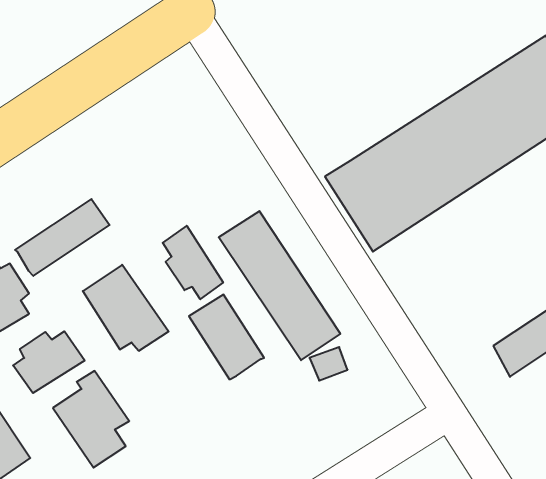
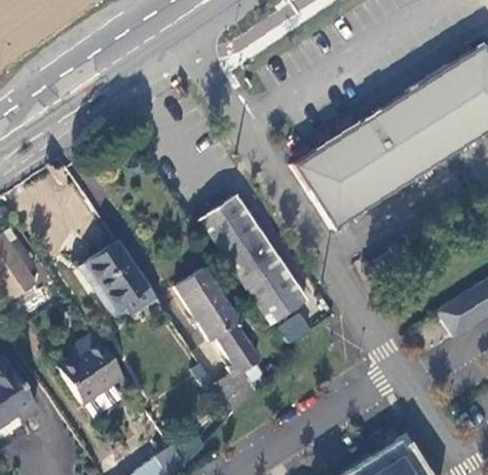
building: [15,199,110,276] -> none
building: [163,226,223,299] -> none
building: [13,331,85,393] -> none
building: none -> [216,322,261,410]

